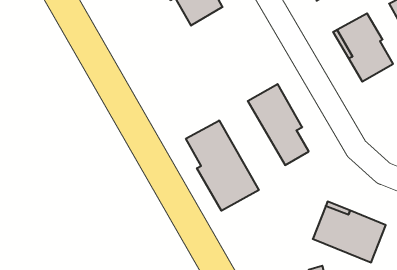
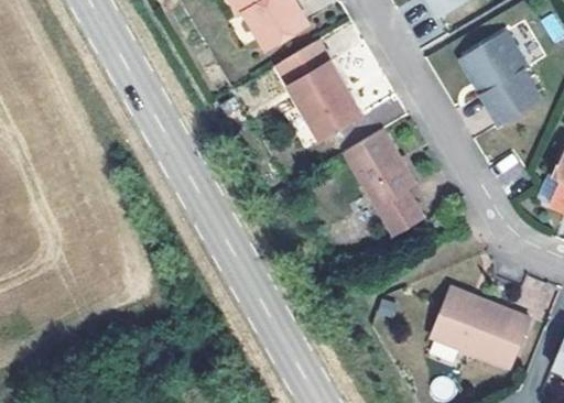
building: none -> [275,37,365,140]
building: [186,120,259,211] -> none

